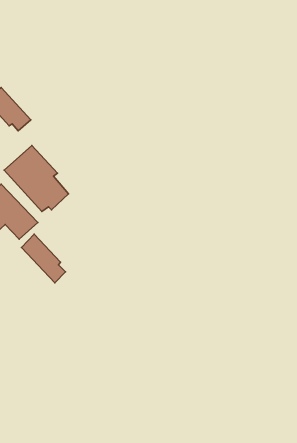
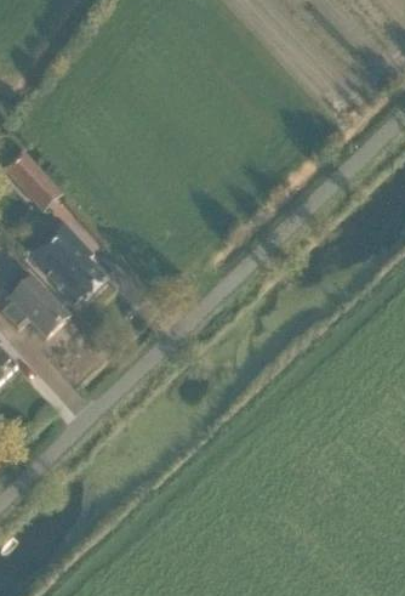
building: [22,234,65,283] -> none

